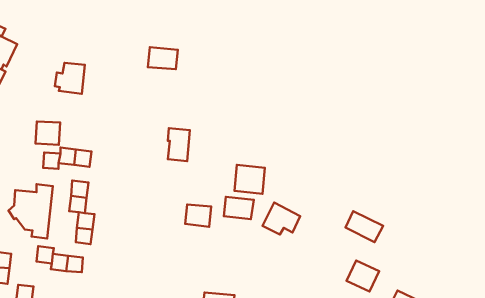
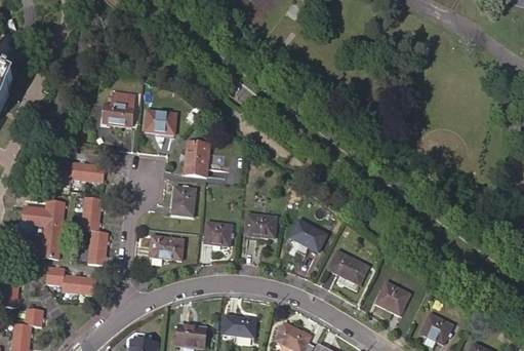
building: [148,47,178,69] -> [145,109,176,132]
building: [55,63,85,94] -> [103,92,134,125]
building: [35,121,60,145] -> none
building: [234,165,265,194] -> none
building: none -> [172,187,196,216]
building: [345,211,383,242] -> [328,250,368,283]
building: none -> [149,236,184,260]

